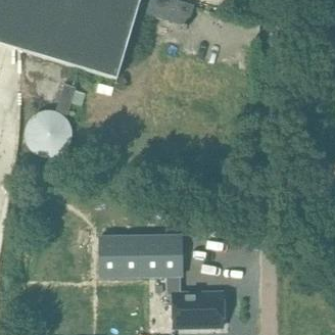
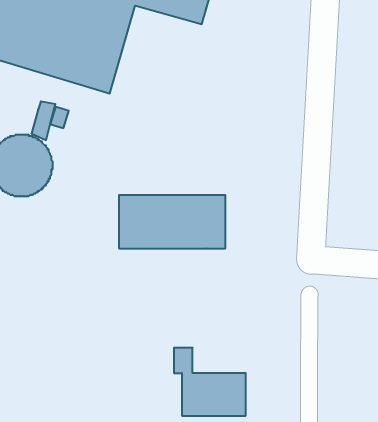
building: [100,235,182,276] -> [119,195,225,248]

